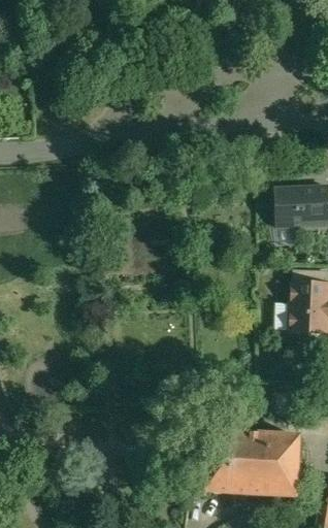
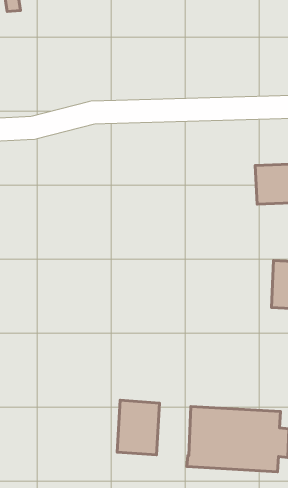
building: none -> [117,400,159,455]

